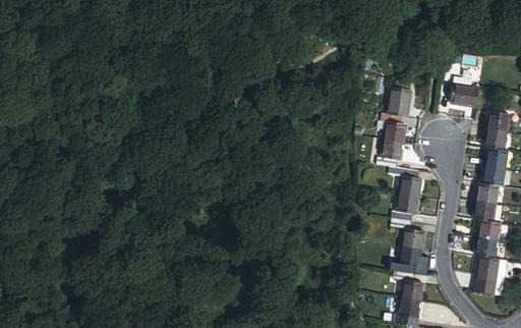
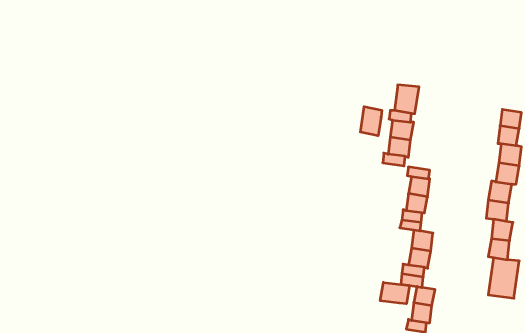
building: [451,85,478,106] -> none
building: none -> [360,107,382,136]
building: none -> [380,282,409,304]

